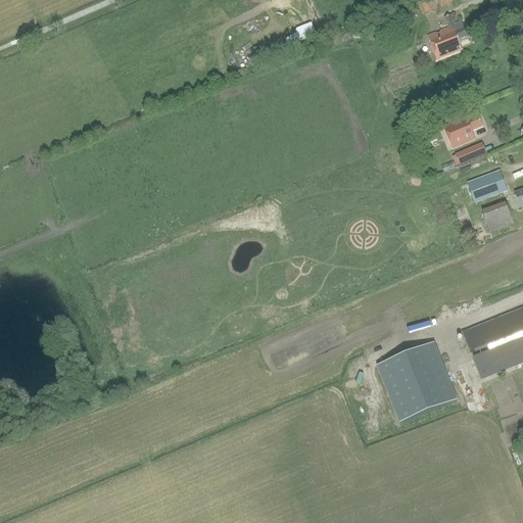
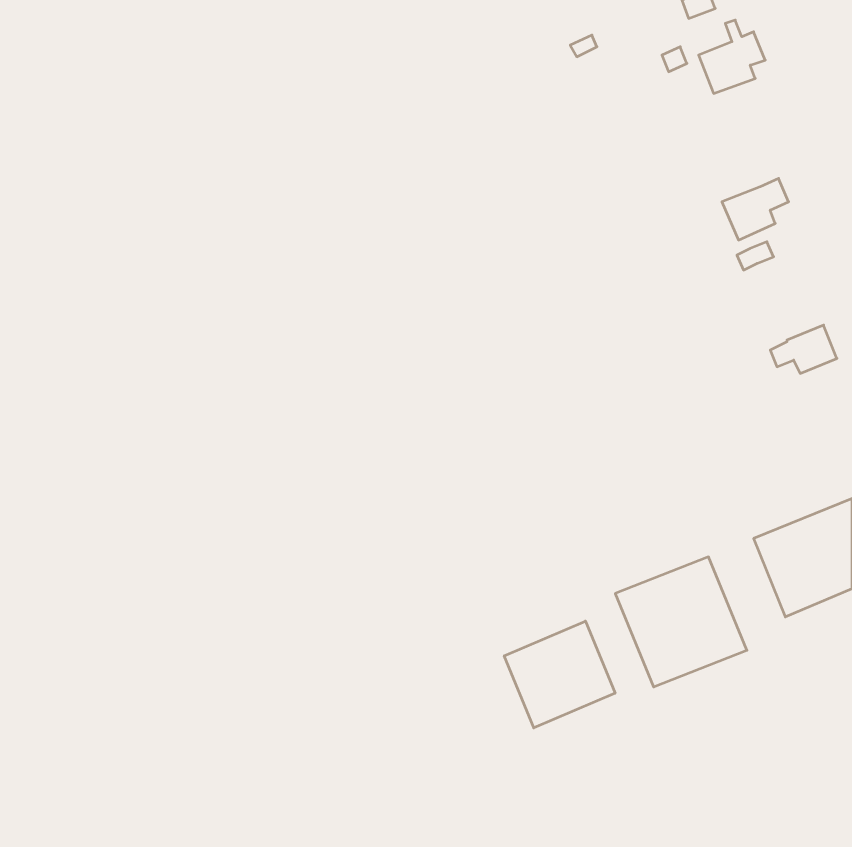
building: [469,170,507,200] -> none
building: none -> [504,621,615,728]

